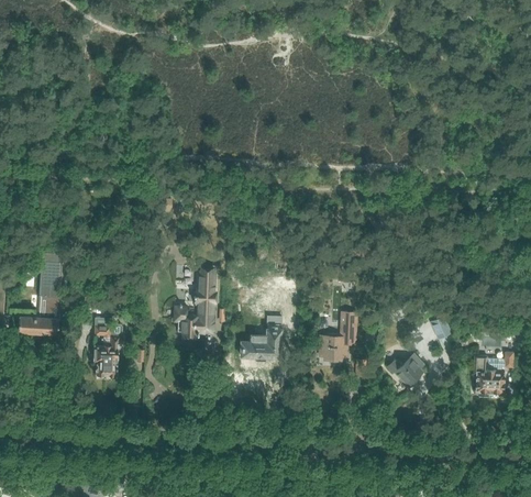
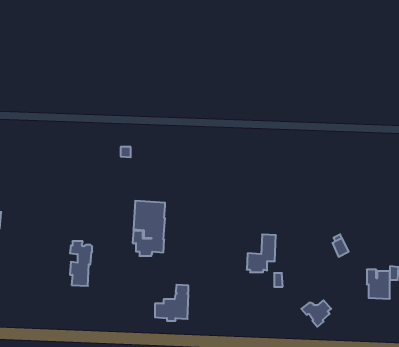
building: [18,254,63,336] -> none
building: [240,317,283,363] -> [155,285,188,321]
building: [386,355,424,389] -> [301,300,331,327]

